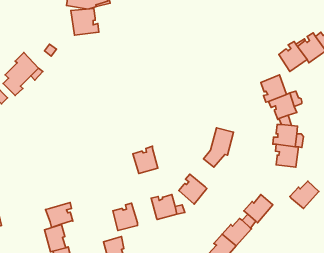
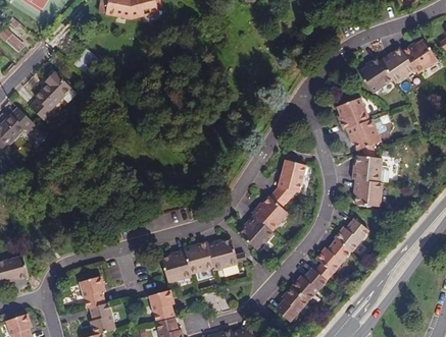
building: [71,8,99,35] -> none
building: [133,146,158,173] -> [183,240,212,273]
building: none -> [250,196,287,230]
building: [290,181,319,209] -> [335,219,369,251]
building: [45,203,73,228] -> none

